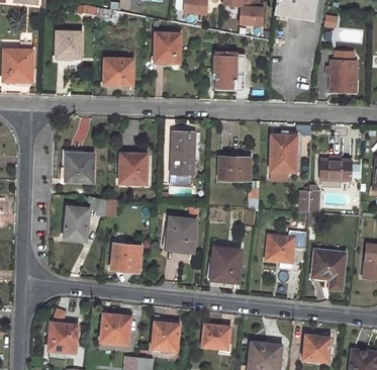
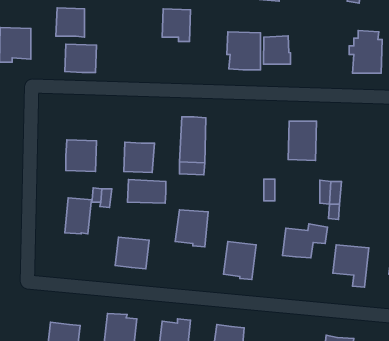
building: none -> [263,36,290,64]
building: [104,58,133,84] -> [65,44,96,73]
building: [218,157,250,179] -> none
building: [319,159,351,180] -> none
building: none -> [128,179,166,203]

